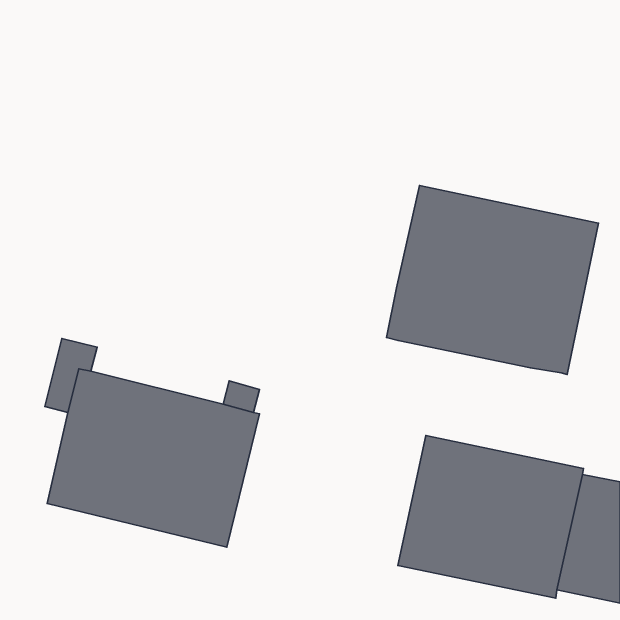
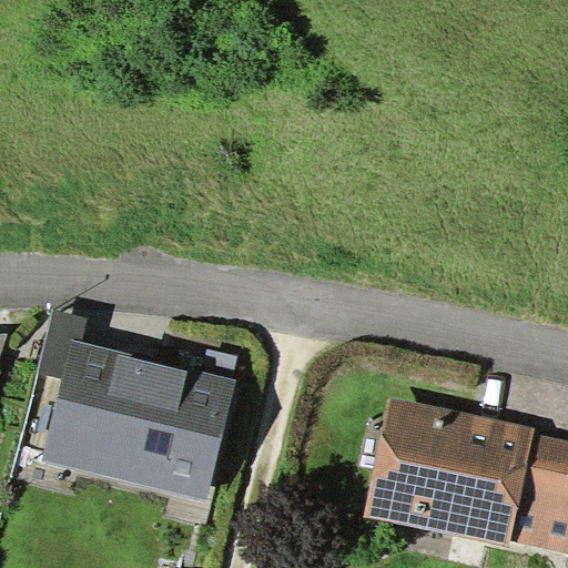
building: [386,185,599,374] -> none

